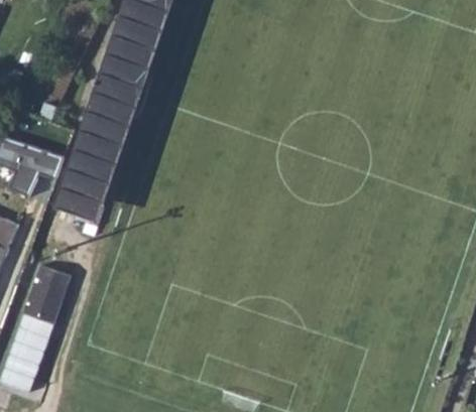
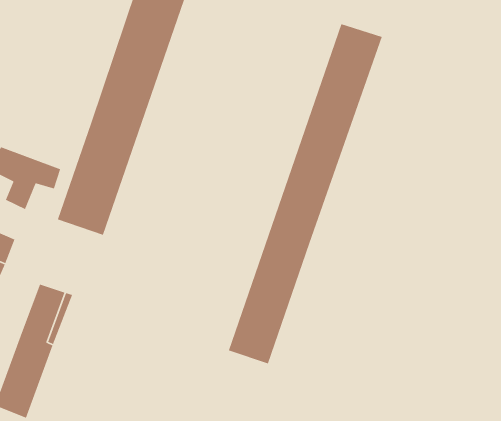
building: none -> [228,23,383,365]

